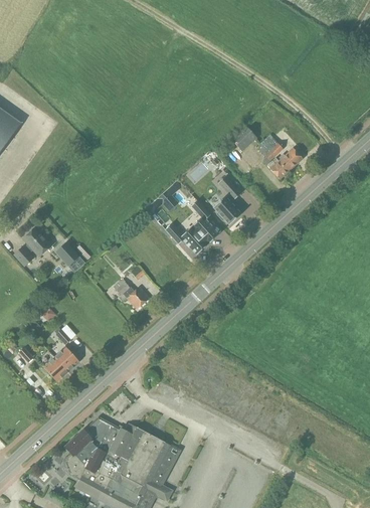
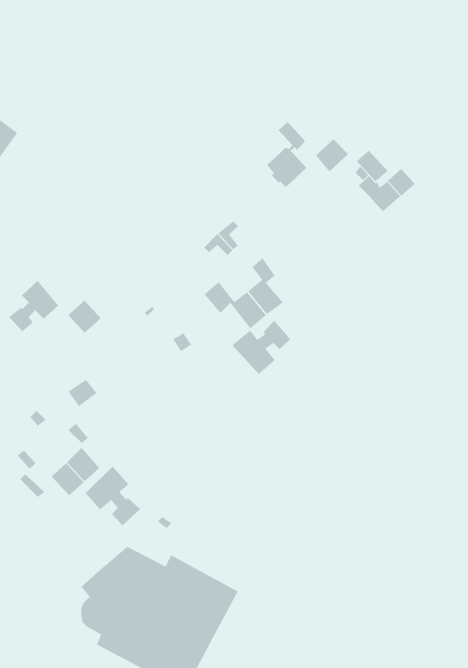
building: [216,176,245,223] -> [266,121,307,188]
building: none -> [232,320,291,375]
building: [113,279,149,309] -> none
building: none -> [85,466,141,526]

